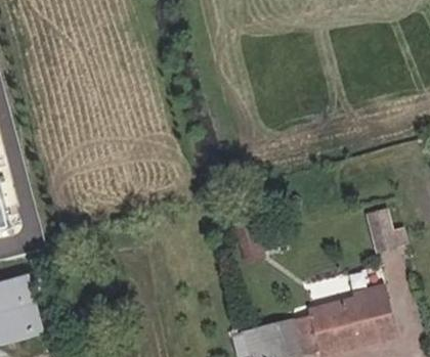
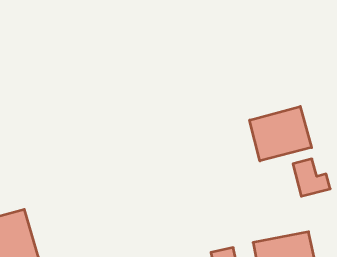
building: none -> [250,106,312,161]

